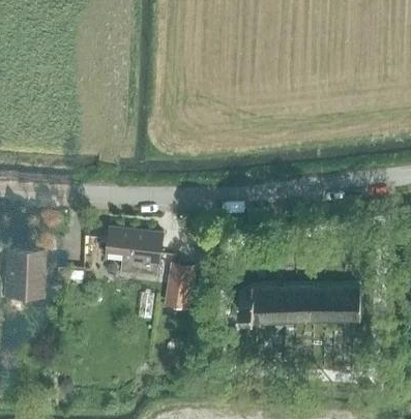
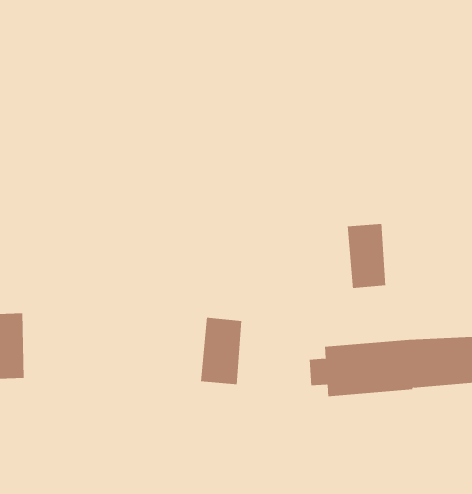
building: none -> [347,223,386,289]
building: [108,228,164,276] -> none

